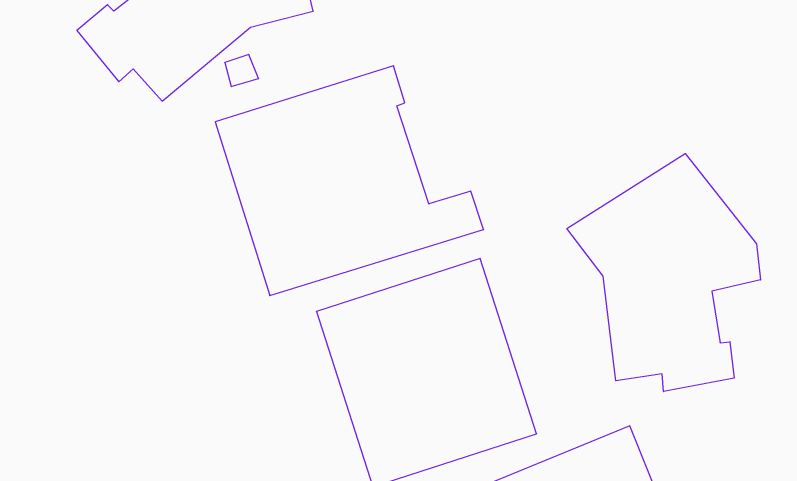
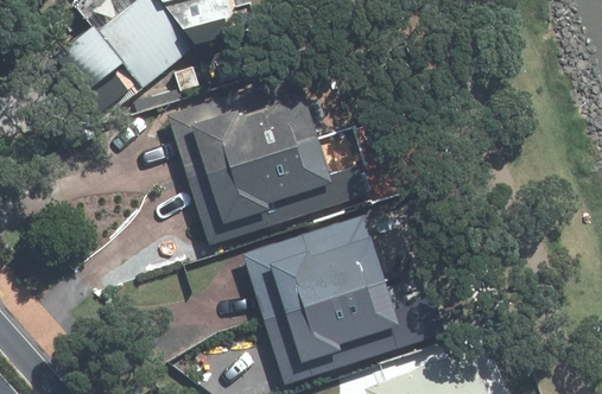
building: [567,154,761,392] -> none

